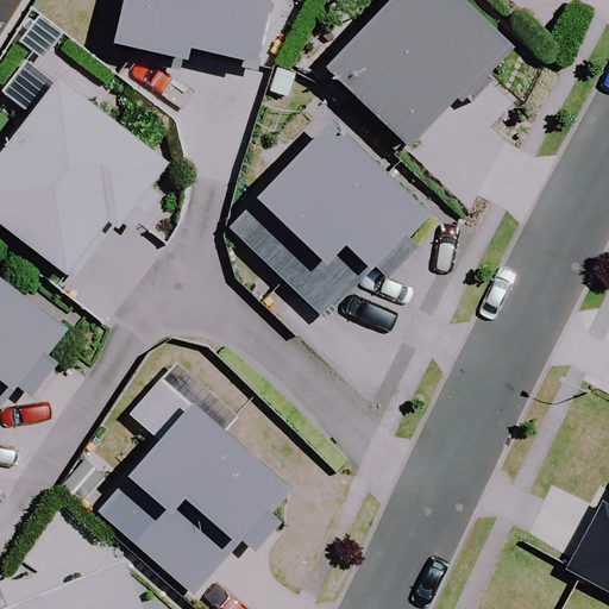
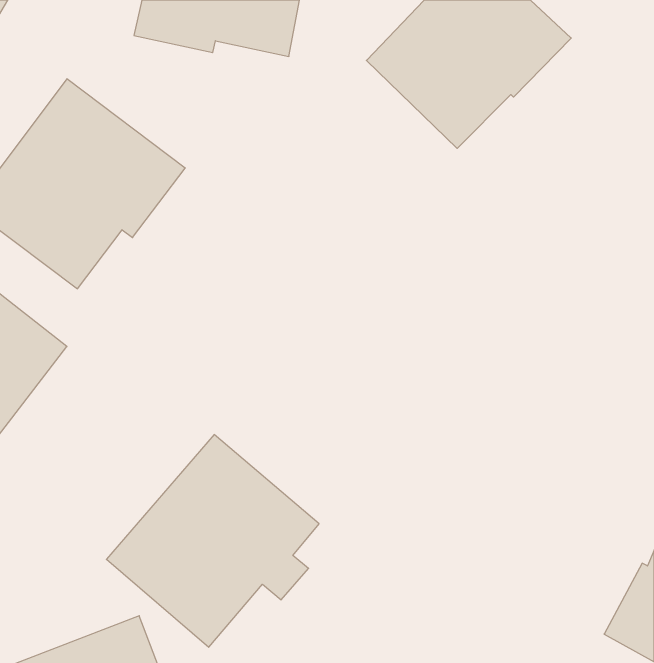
building: [225,114,431,319] -> none

